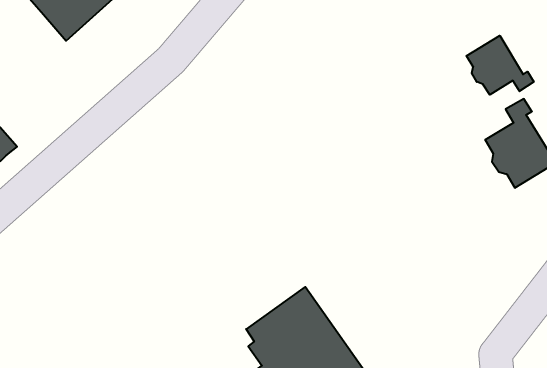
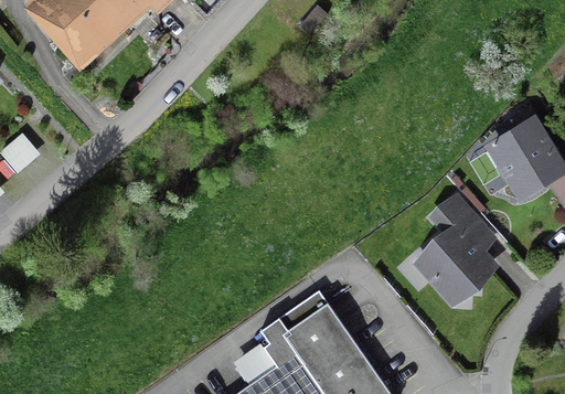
building: [466,36,534,95] -> none
building: none -> [418,198,490,297]

